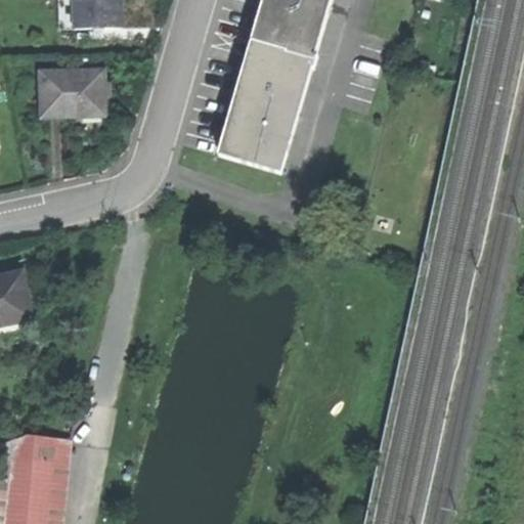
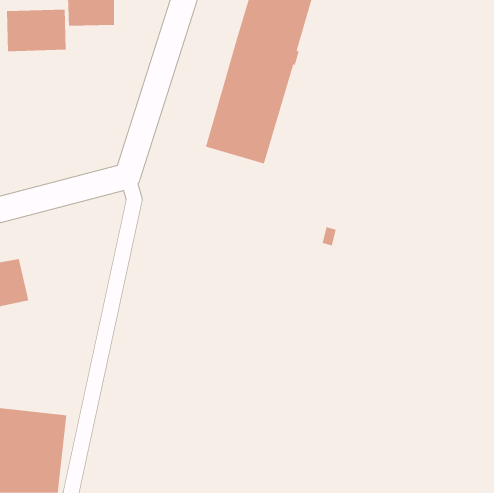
building: [38,71,101,116] -> [6,9,67,52]

